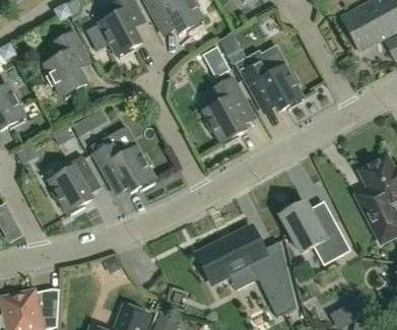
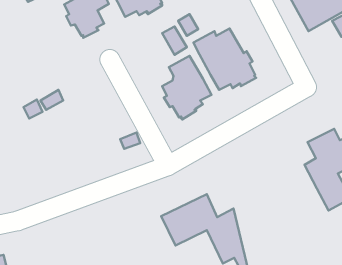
building: [44,29,91,97] -> none
building: [91,135,155,193] -> none
building: [49,153,92,214] -> none
building: [280,200,350,263] -> none

